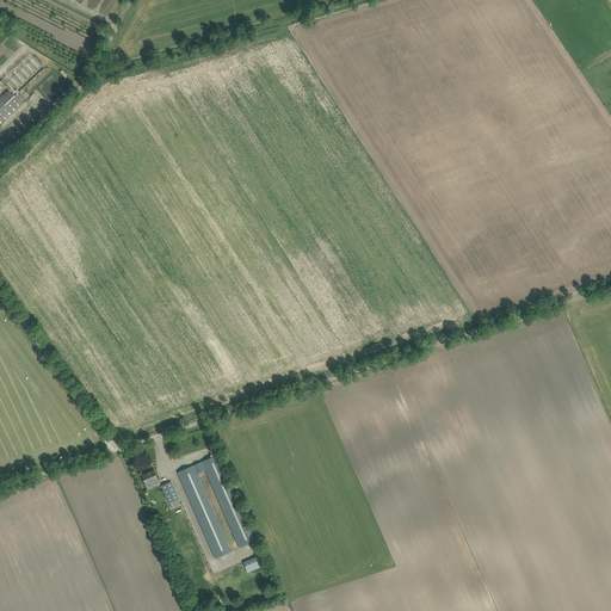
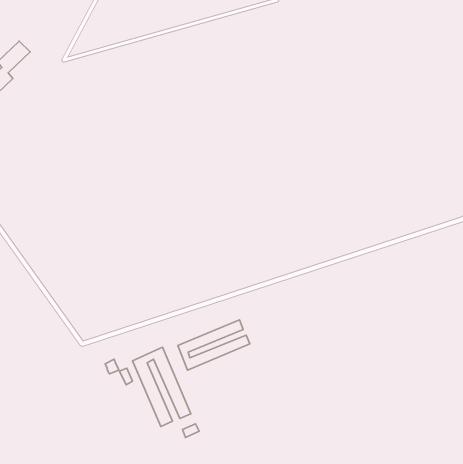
building: none -> [178,320,250,370]

